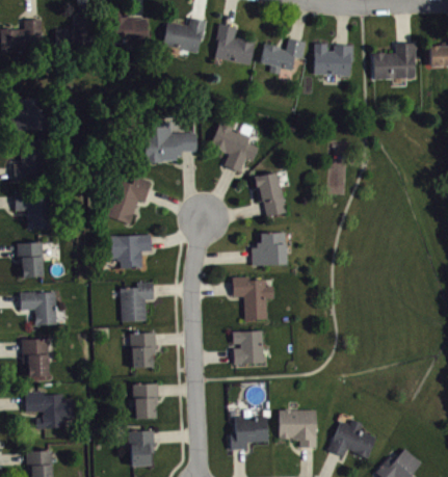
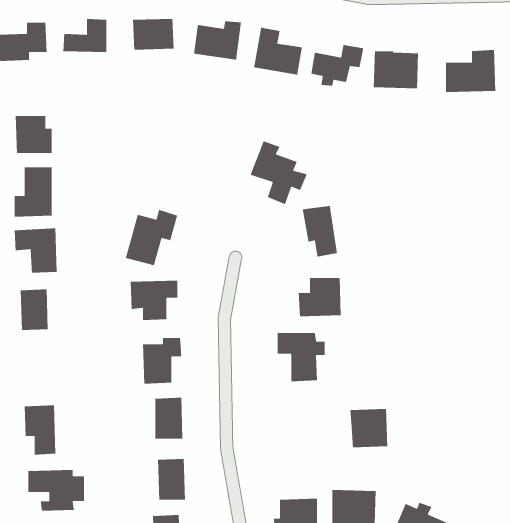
building: [143,122,196,162] -> none
building: [20,292,56,325] -> none
building: [232,330,264,364] -> [350,408,388,448]

